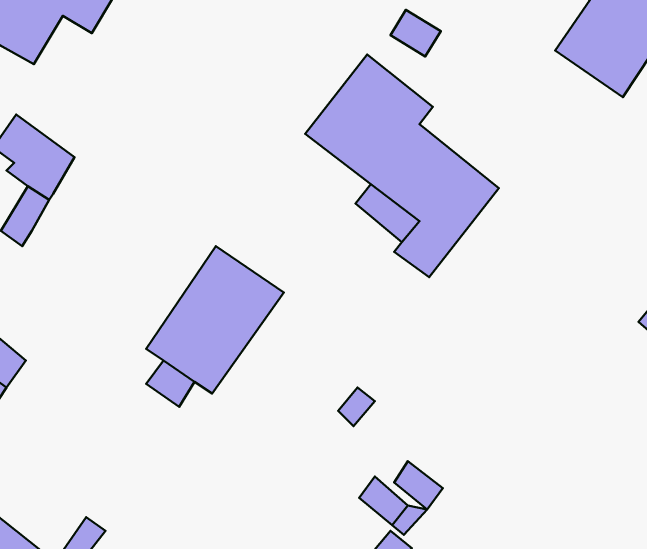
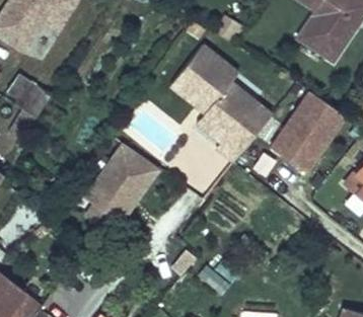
building: none -> [268,90,343,171]

